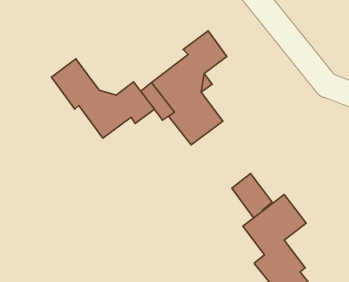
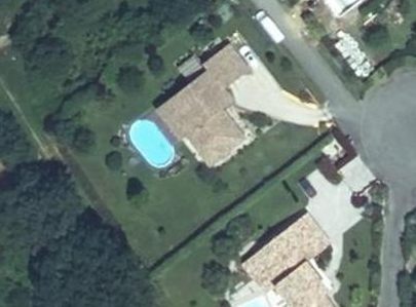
building: [52,59,154,138] -> none
building: [232,173,272,218] -> [244,247,287,294]

